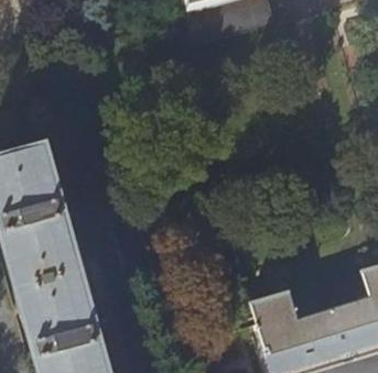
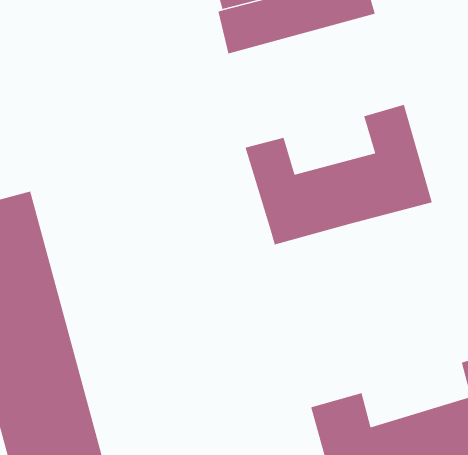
building: none -> [245,104,433,246]

